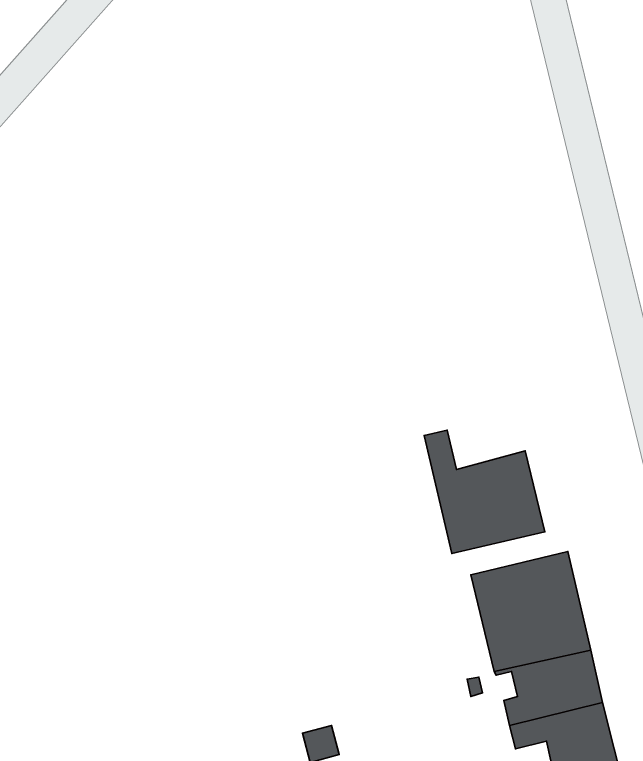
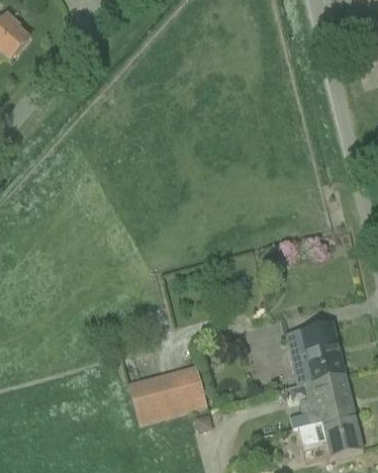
building: [424,430,545,554] -> none
building: none -> [128,365,208,424]

